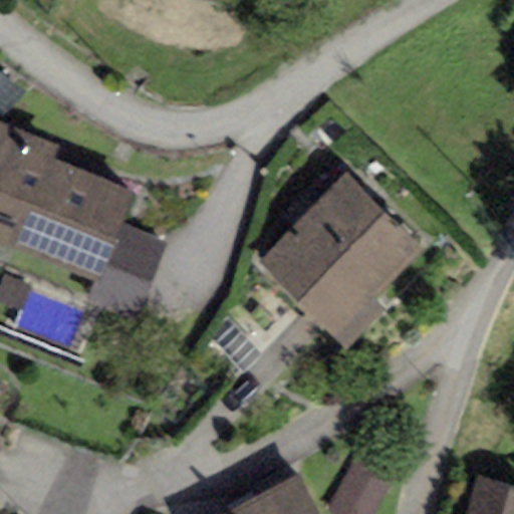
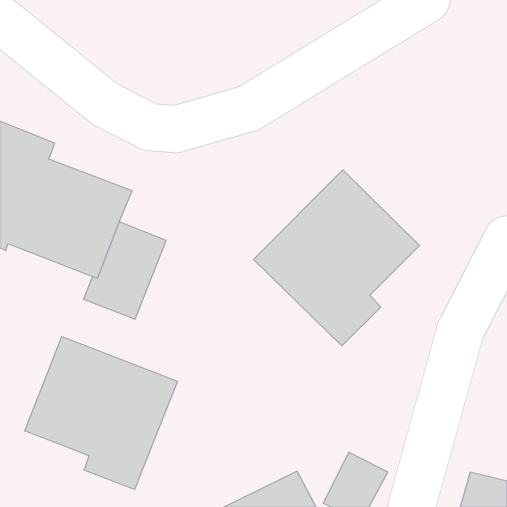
building: none -> [25,337,178,489]

